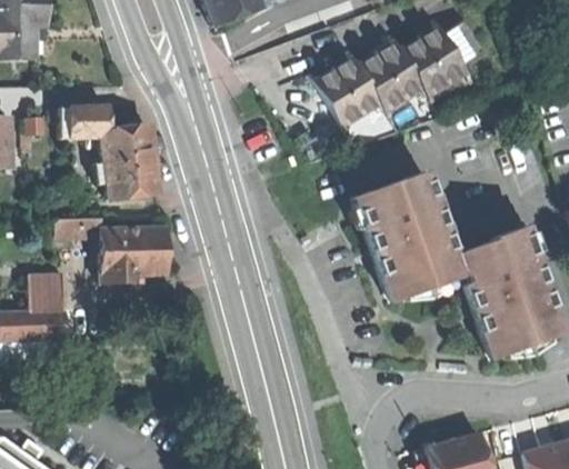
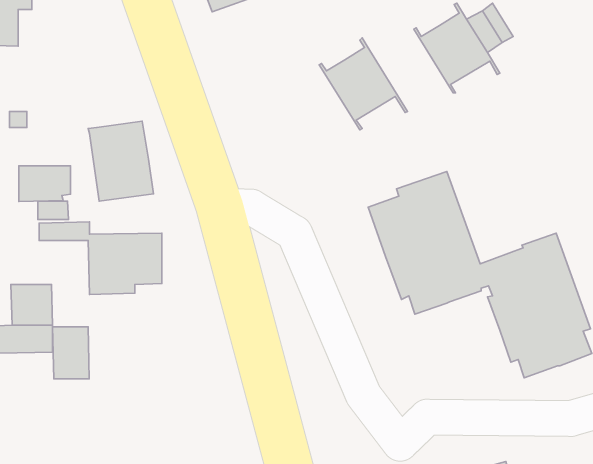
building: [353,36,431,118] -> none
building: [62,107,109,139] -> [19,166,70,202]
building: none -> [53,327,89,379]

